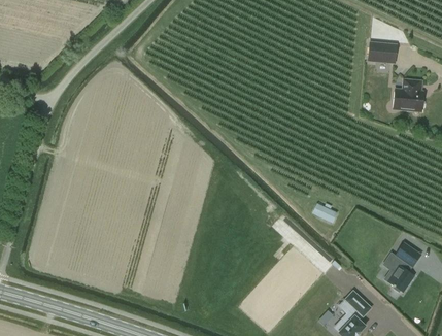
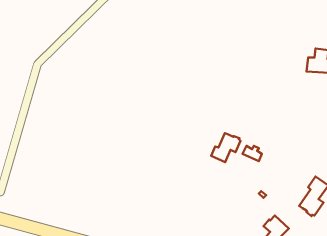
building: [368,41,396,62] -> none
building: none -> [211,133,241,162]

